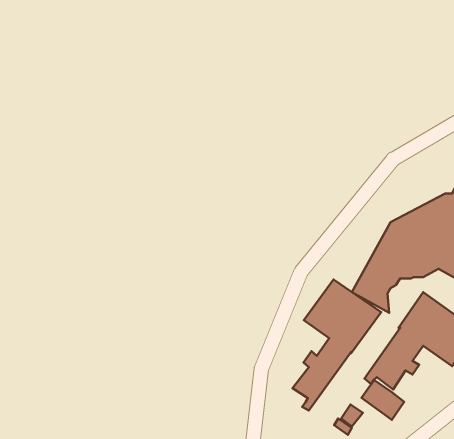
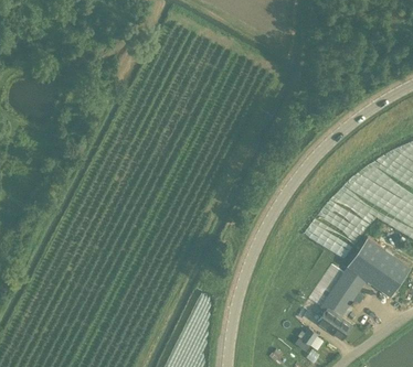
building: [293,279,381,411] -> none

